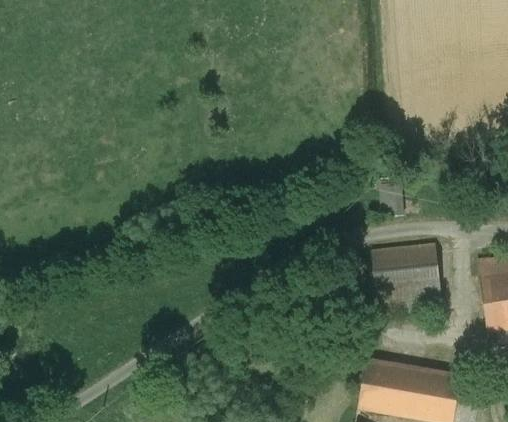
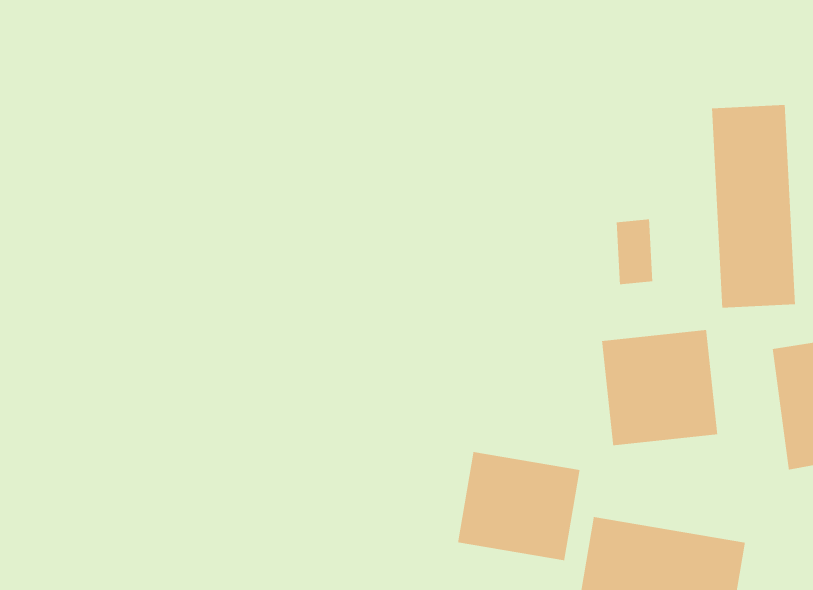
building: none -> [711,104,796,309]
building: none -> [457,451,581,561]

